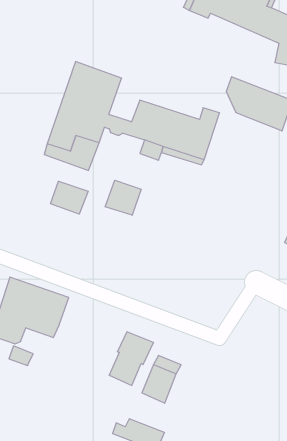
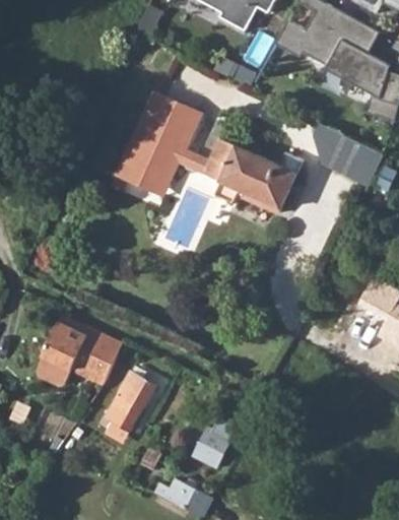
building: [105,180,141,215] -> none
building: [50,181,88,214] -> none
building: [109,332,154,385] -> [106,373,156,431]

